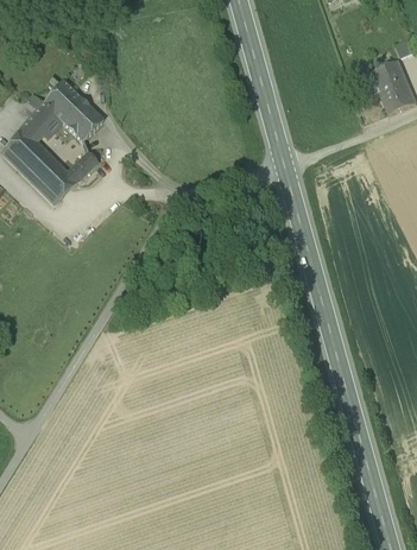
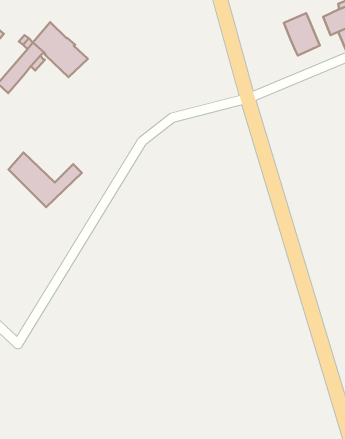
building: none -> [284,13,320,55]
building: [15,141,96,202] -> [8,152,82,207]

